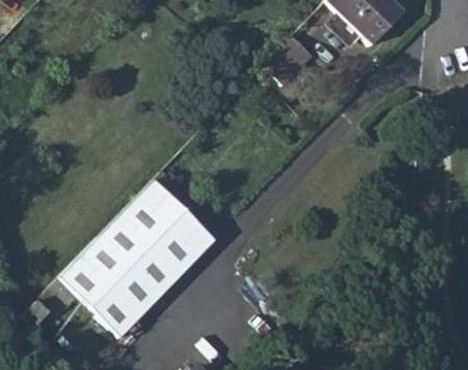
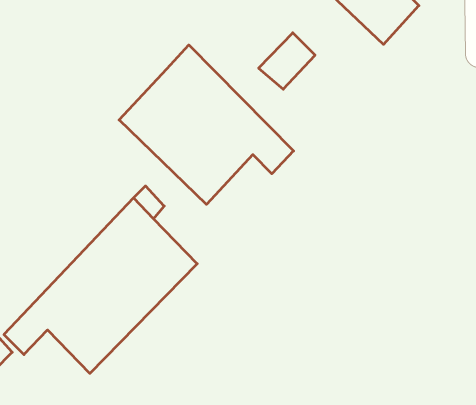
building: none -> [119,45,294,204]

